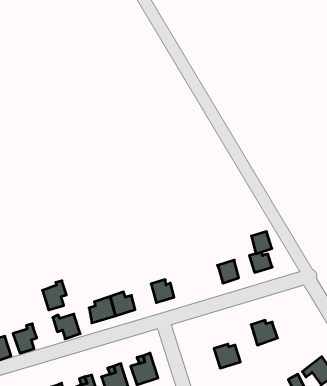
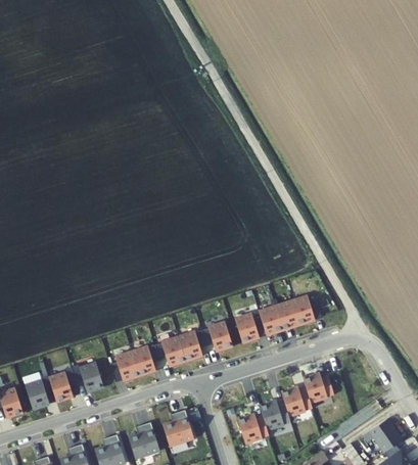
building: [251,232,272,254] -> [281,299,305,325]
building: none -> [240,313,268,338]
building: none -> [207,319,236,347]
building: [42,281,66,310] -> [49,371,77,405]
building: none -> [162,332,191,362]
building: none -> [279,387,310,416]
building: none -> [236,415,266,443]

